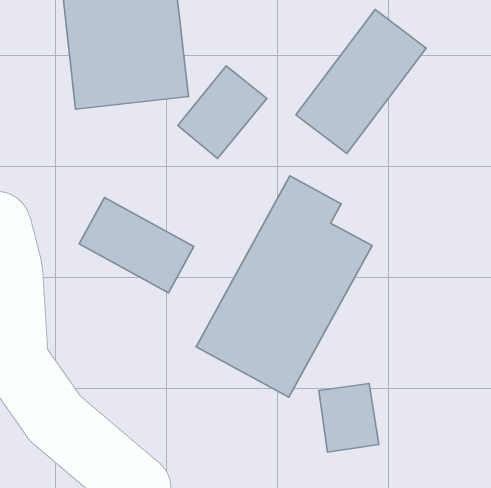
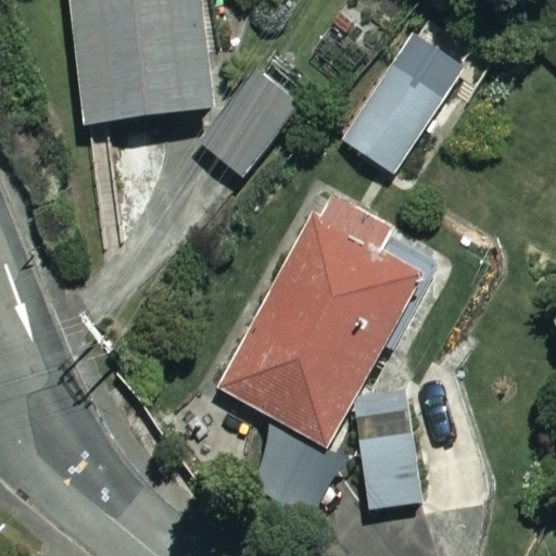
building: [79,198,194,293] -> none

